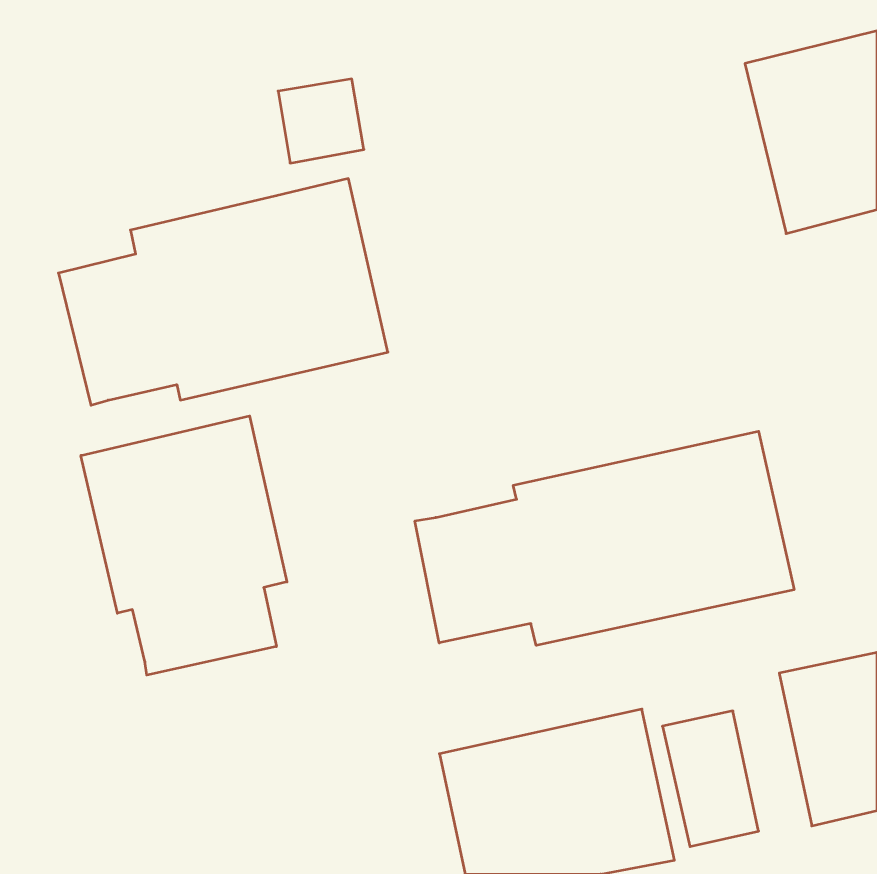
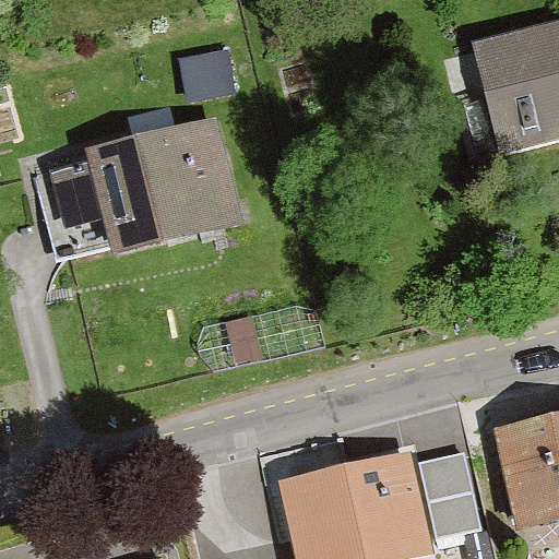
building: [81,416,287,675] -> none
building: [415,431,794,645] -> none

